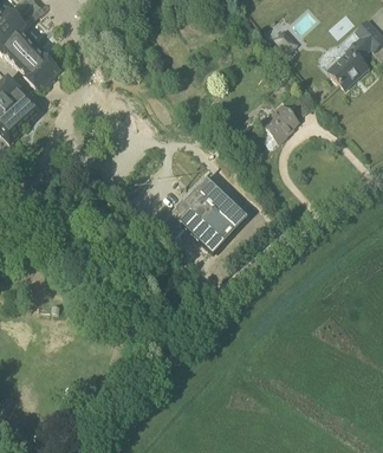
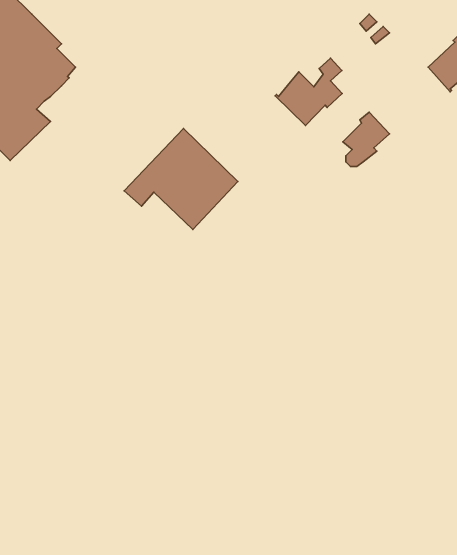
building: none -> [275,58,342,126]
building: [162,176,248,253] -> [124,129,238,230]

